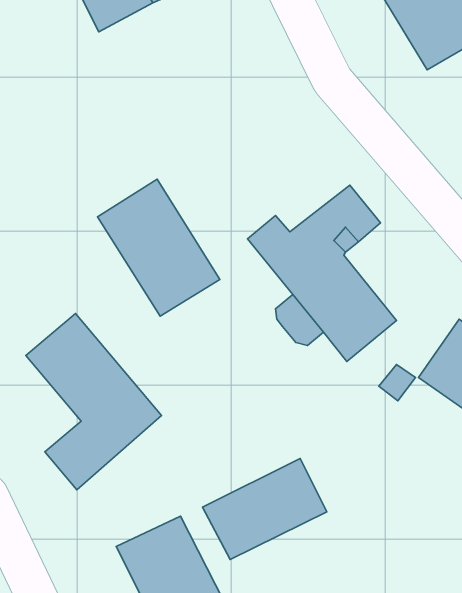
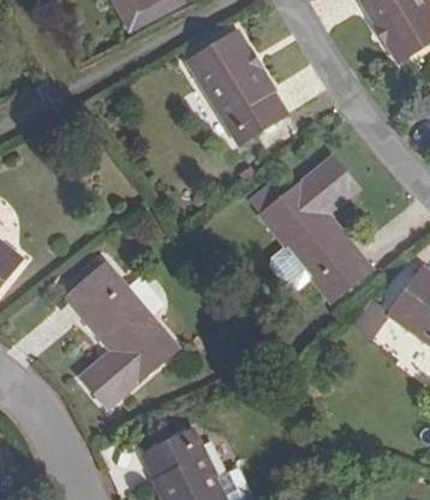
building: [97,179,220,316] -> [187,30,288,143]
building: [203,459,327,560] -> none

